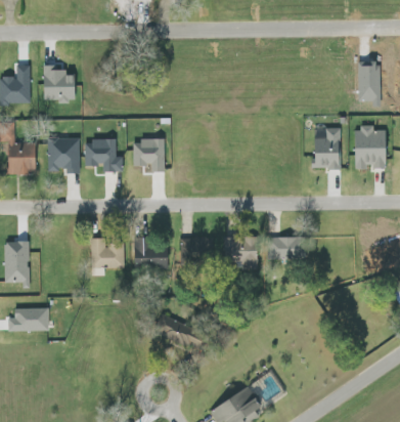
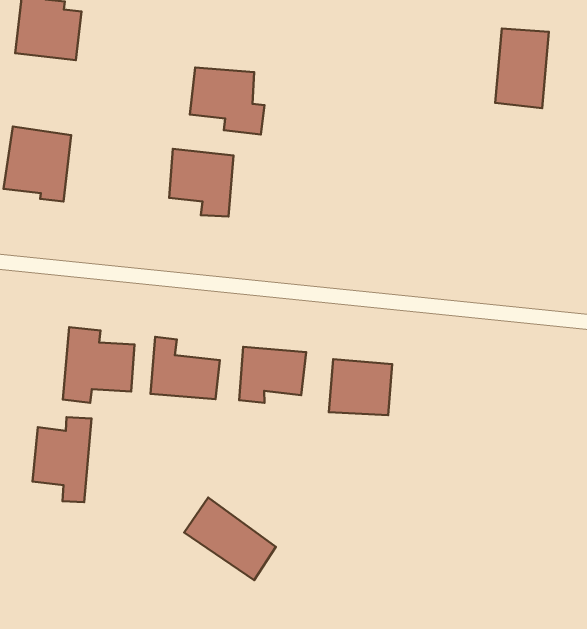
building: [314,128,340,168] -> [495,28,549,108]
building: [84,139,122,171] -> [190,67,264,134]
building: [268,237,306,259] -> none
building: none -> [33,417,91,502]

